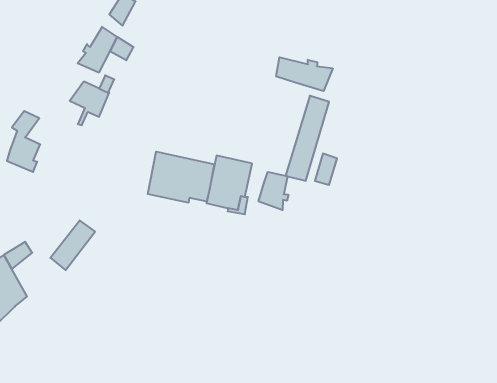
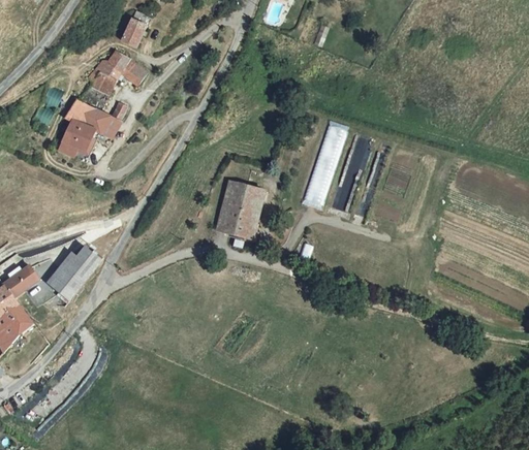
building: [276,57,333,91] -> none
building: [7,111,40,172] -> [59,97,93,159]
building: [148,152,214,203] -> none
building: [259,172,288,210] -> none

